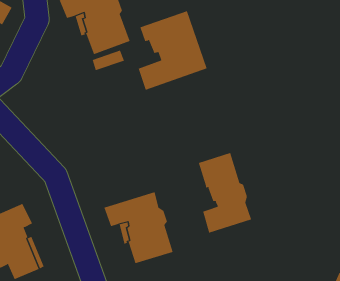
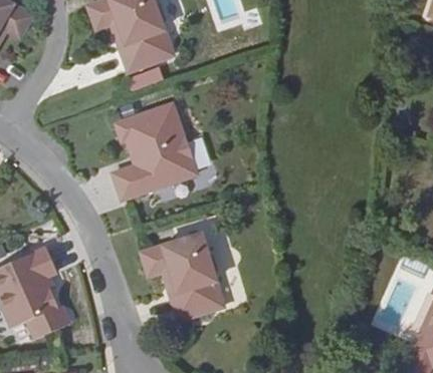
building: [138,10,208,90] -> [113,103,196,199]
building: [198,152,252,233] -> none

